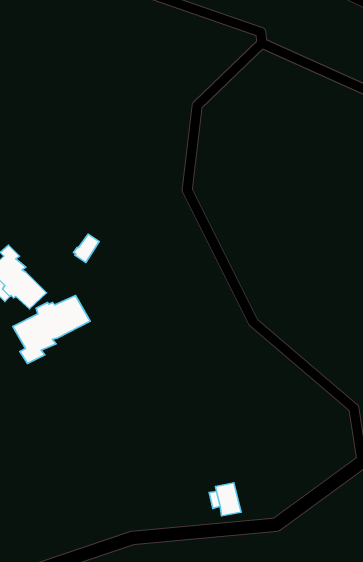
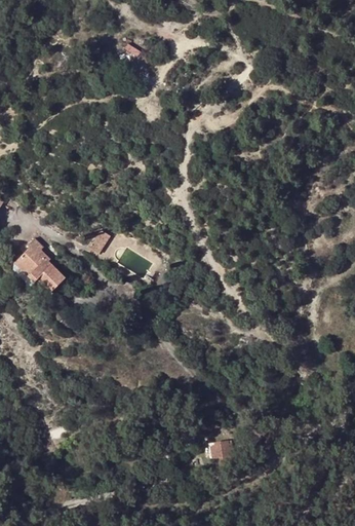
building: [13,295,90,364] -> none

